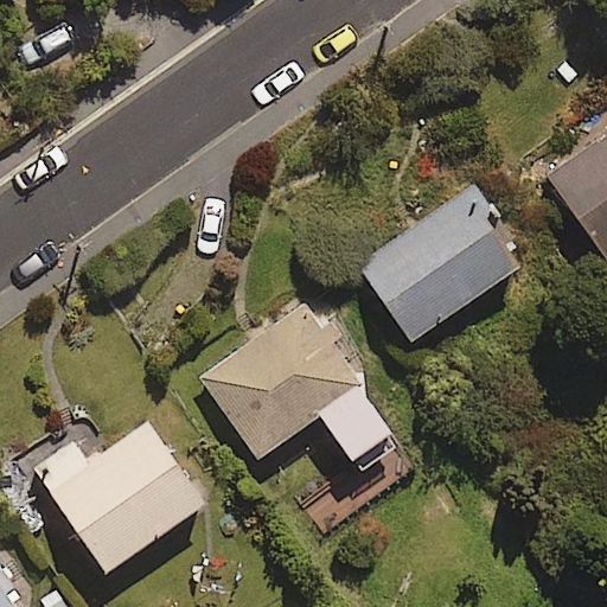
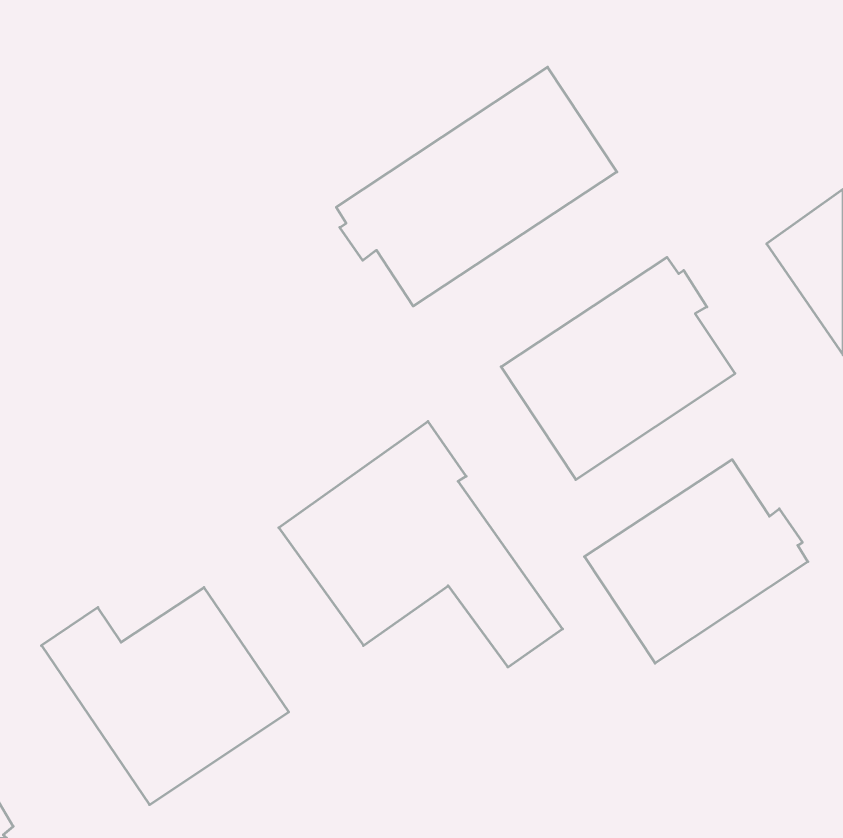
building: none -> [336,67,617,306]
building: none -> [584,460,808,663]

